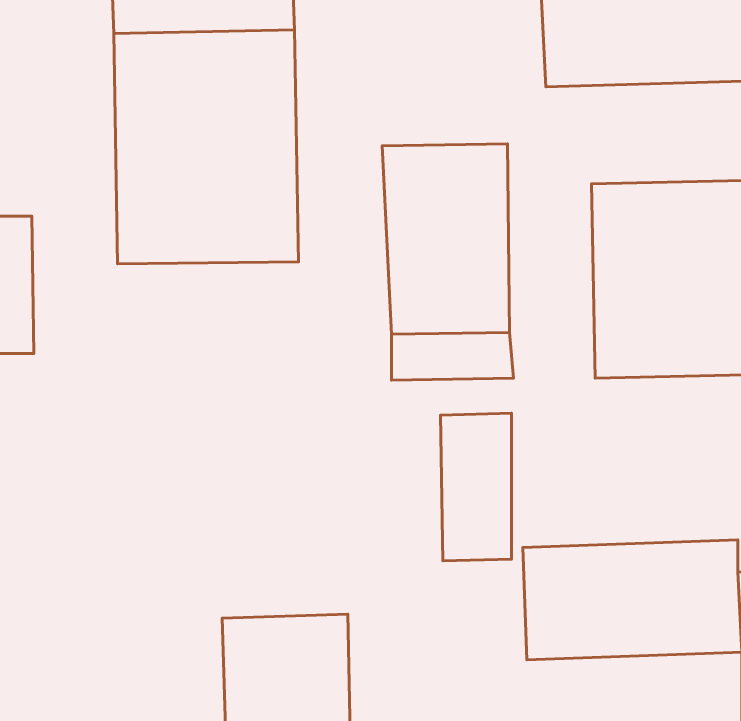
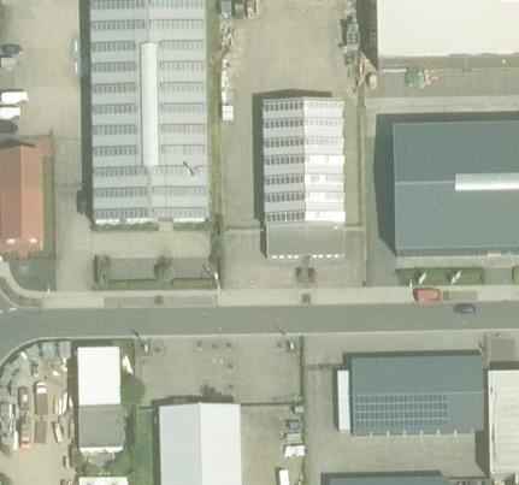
building: none -> [93,177,207,215]
building: [441,413,512,561] -> none
building: none -> [79,354,120,446]

